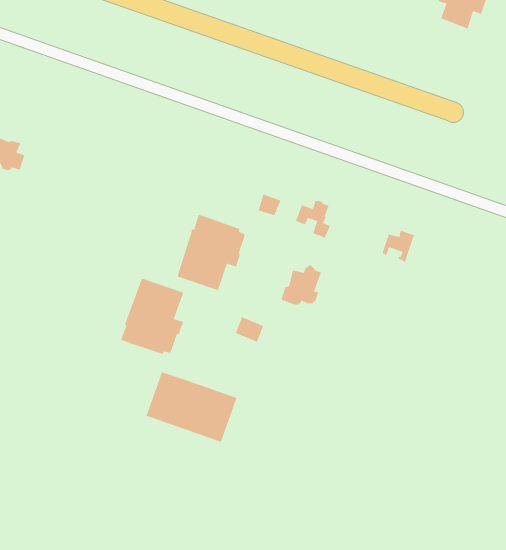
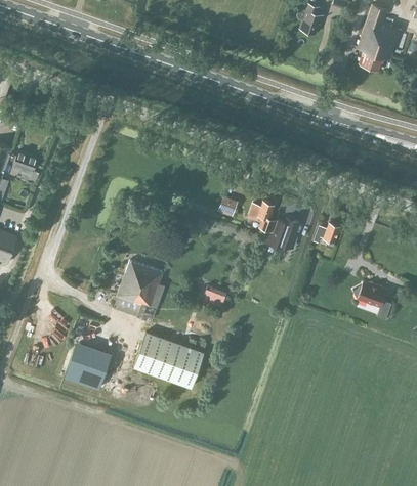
building: [176,214,246,291] -> none
building: [280,264,322,305] -> [268,216,300,248]
building: none -> [353,280,392,319]
building: none -> [64,343,111,388]

